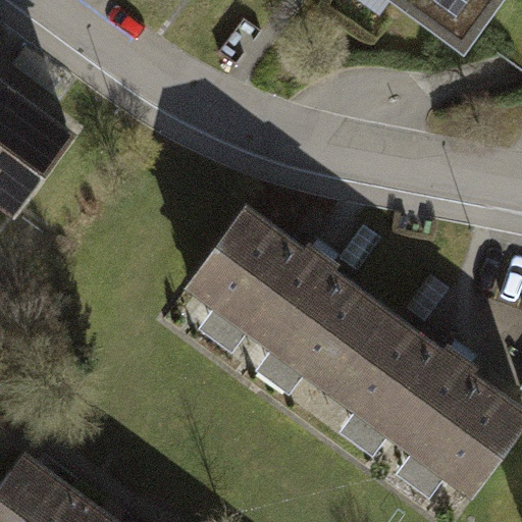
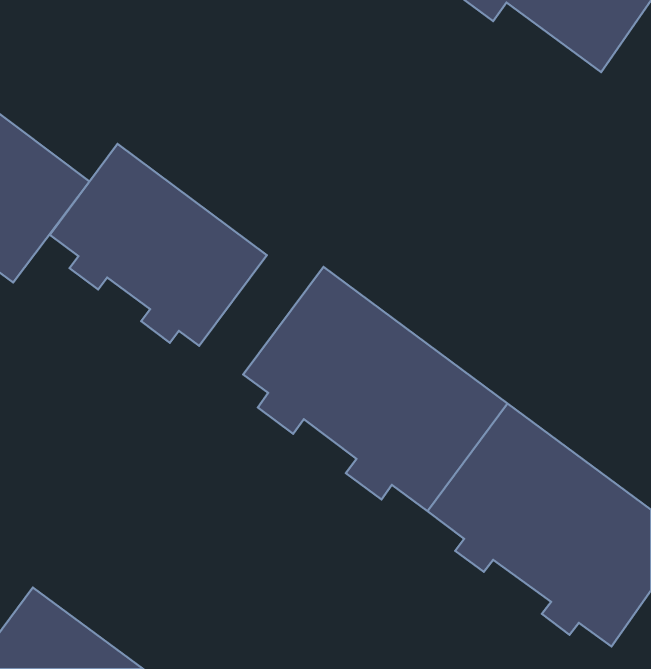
building: none -> [50,144,267,346]

